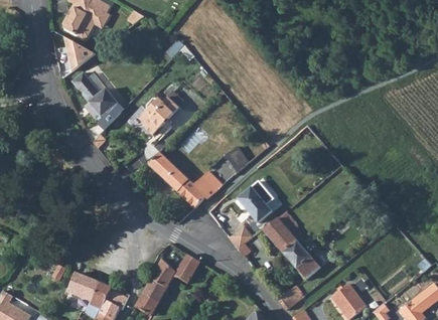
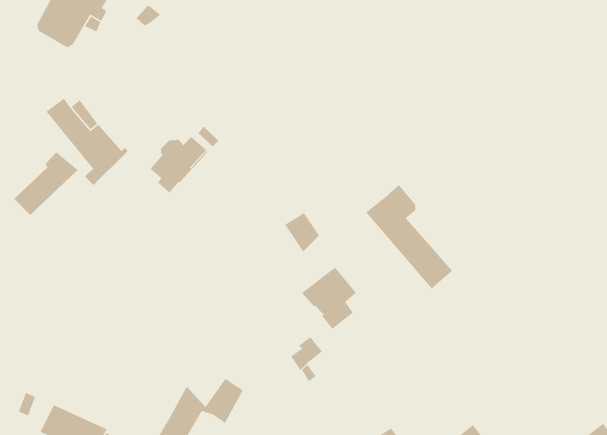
building: [63,35,95,69] -> none
building: none -> [14,151,78,216]
building: [148,153,222,206] -> none
building: [262,210,319,279] -> [365,184,453,290]

